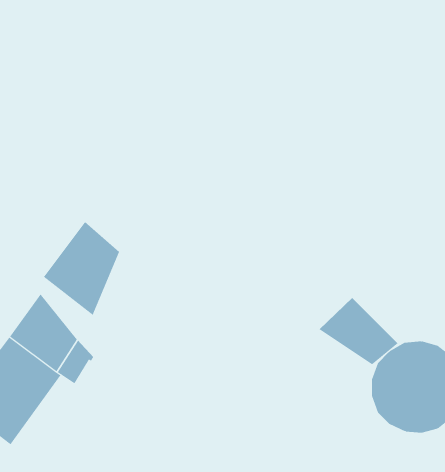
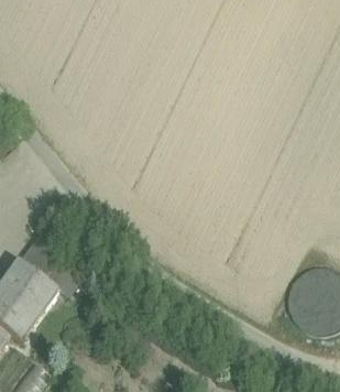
building: [43,221,120,316] -> none
building: [318,297,399,365] -> none

